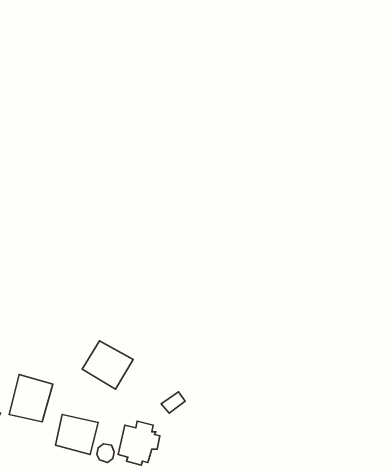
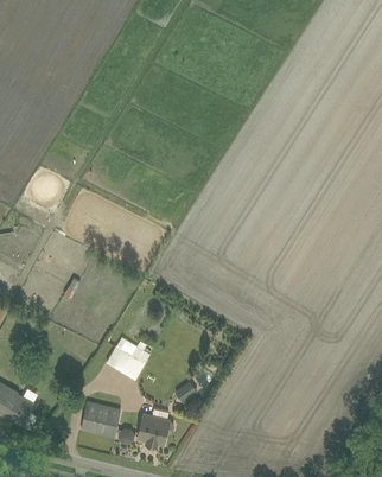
building: [9,375,53,422] -> none

